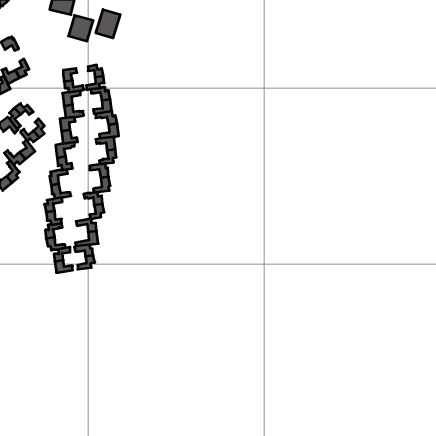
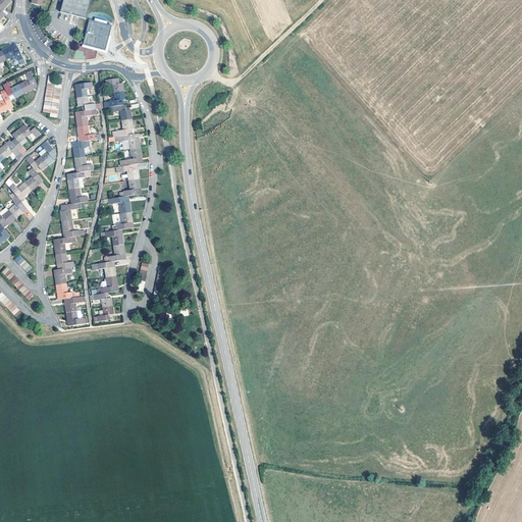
building: [96,9,120,38] -> none

